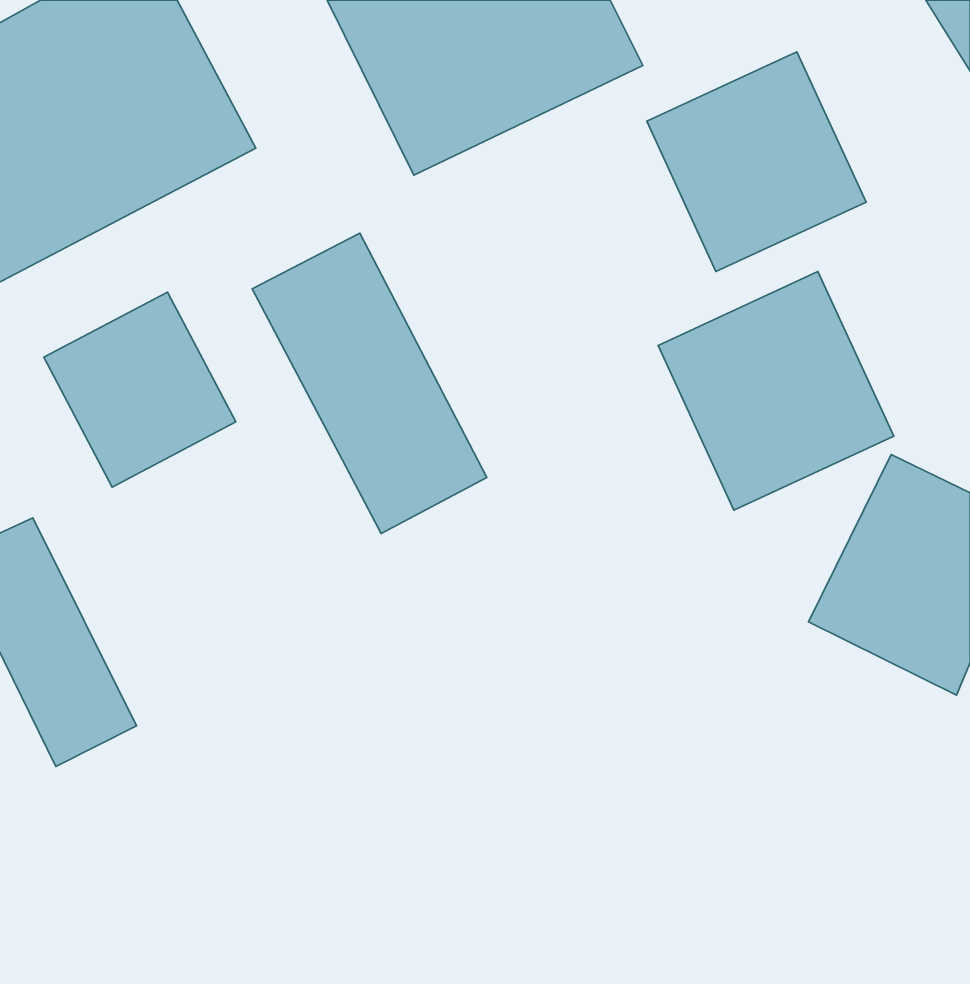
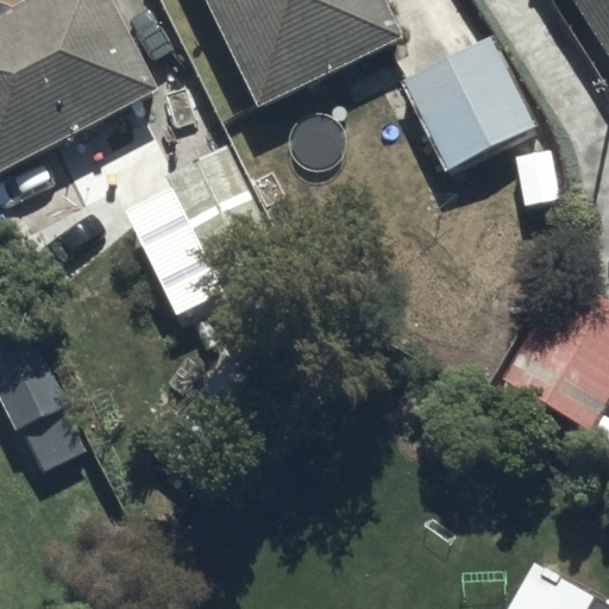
building: [658,272,894,510] -> none
building: [44,292,236,487] -> none

